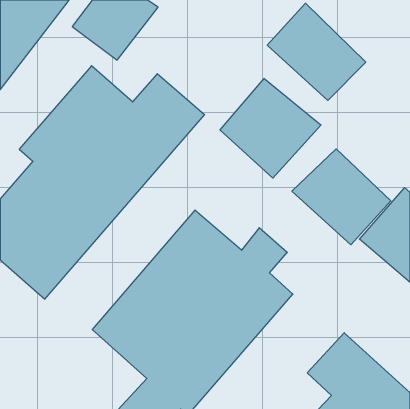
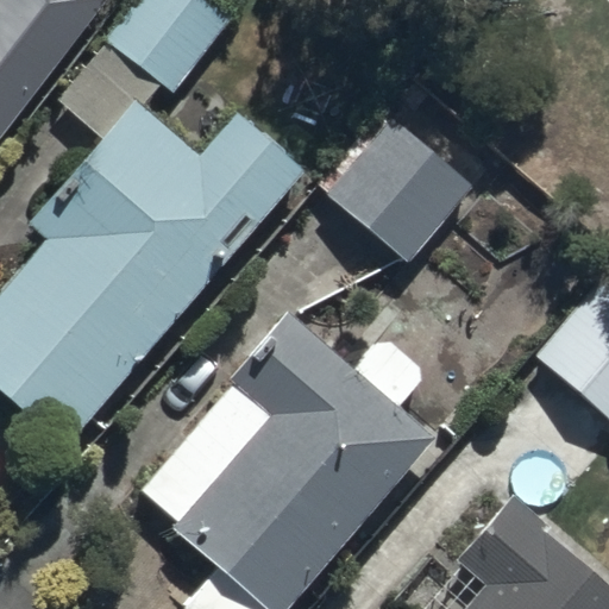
building: [267,3,366,100] -> none
building: [292,149,391,245] -> none

